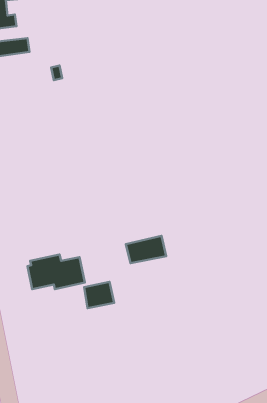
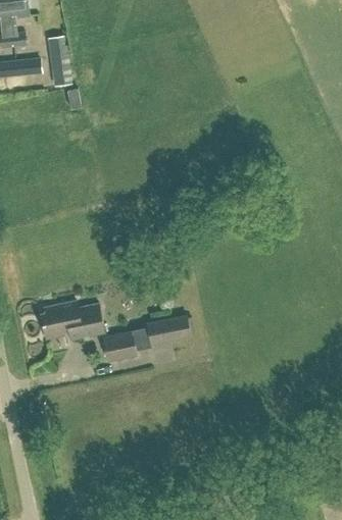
building: none -> [49,52,70,87]
building: [126,236,166,263] -> [145,315,190,346]

